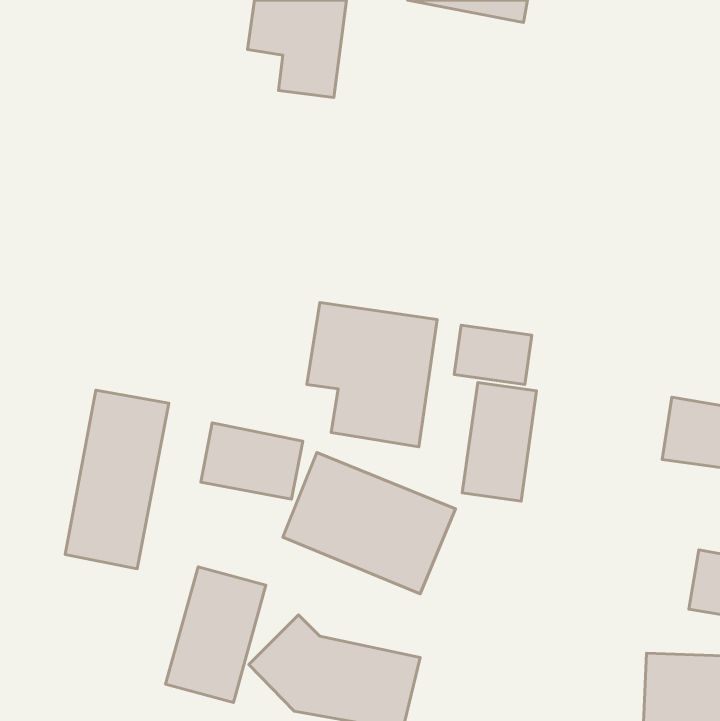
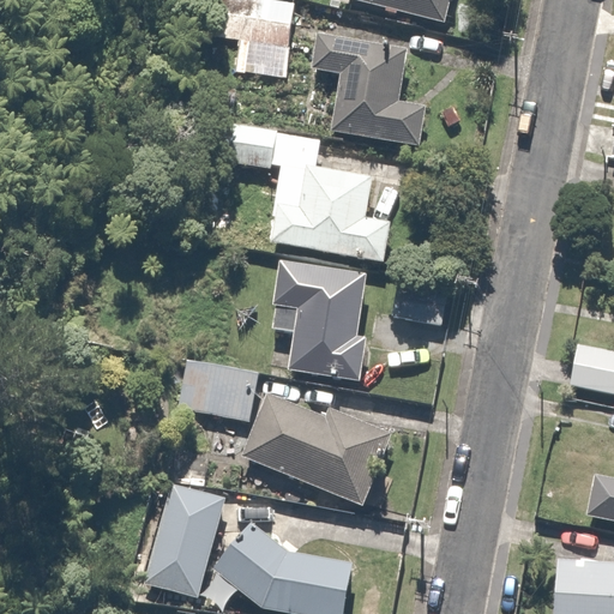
building: none -> [307,29,427,149]
building: none -> [213,119,391,264]
building: [462,382,537,501] -> none
building: [65,390,169,569] -> none

